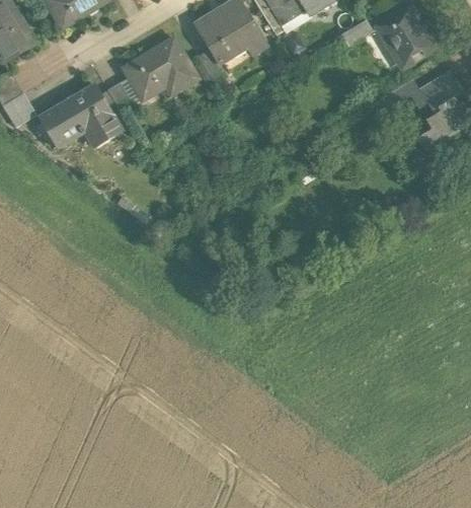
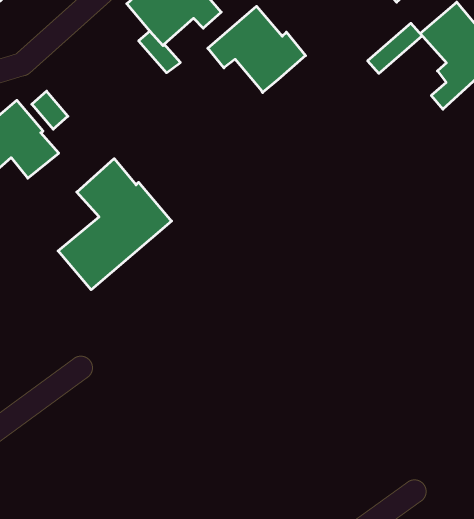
building: [123,37,199,99] -> none
building: none -> [208,6,306,93]
building: none -> [58,159,172,290]

